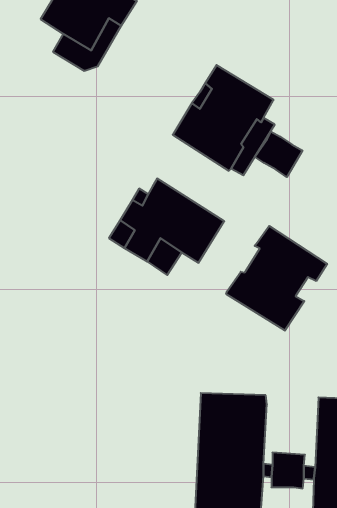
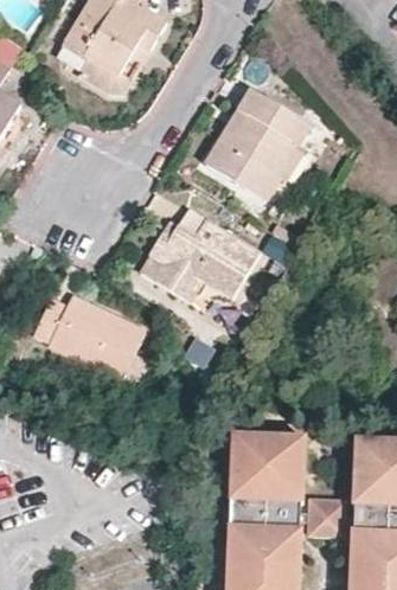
building: [255,132,302,177] -> none
building: [226,226,327,331] -> none
building: none -> [33,294,142,373]

